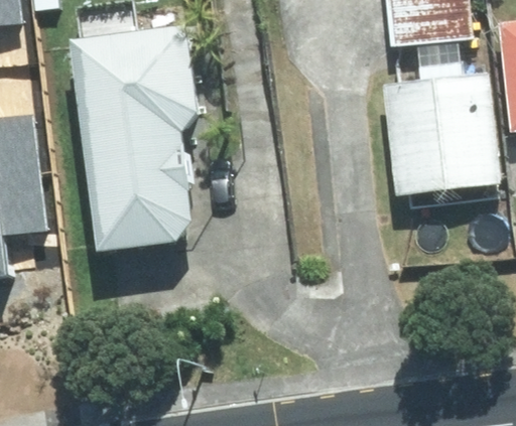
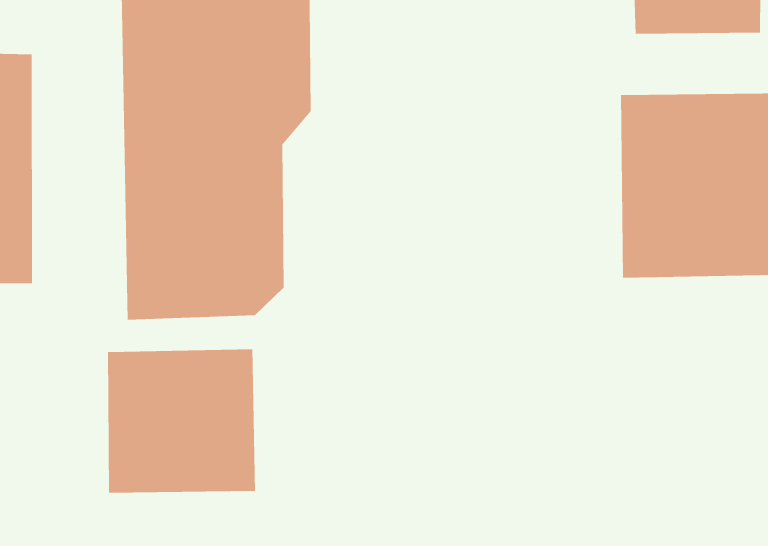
building: none -> [107,349,256,493]

